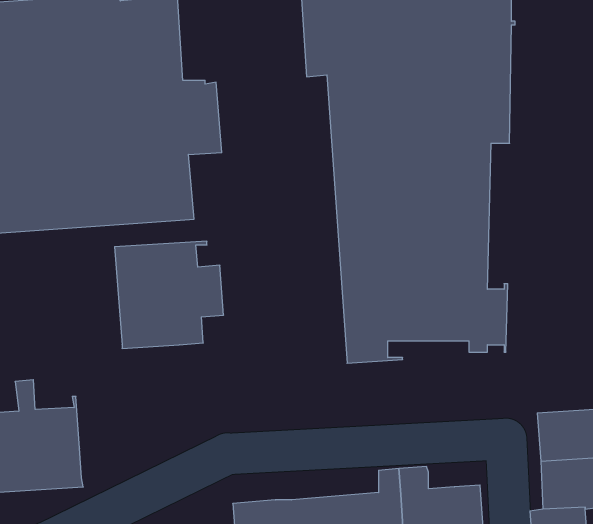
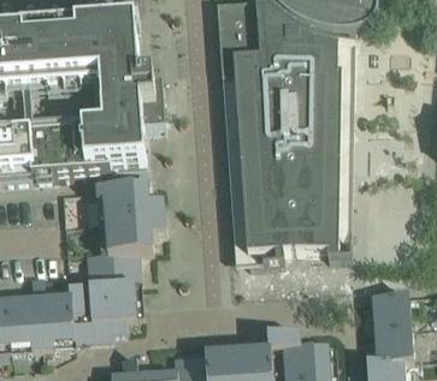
building: none -> [71,251,143,338]

